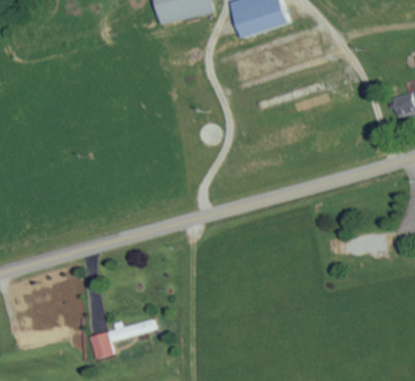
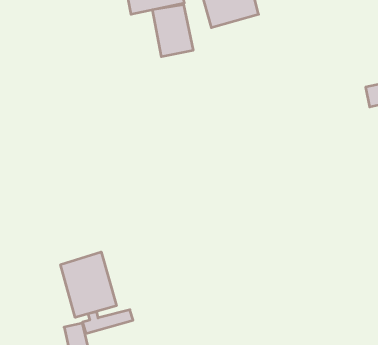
building: none -> [153,4,193,57]
building: none -> [61,252,116,317]

